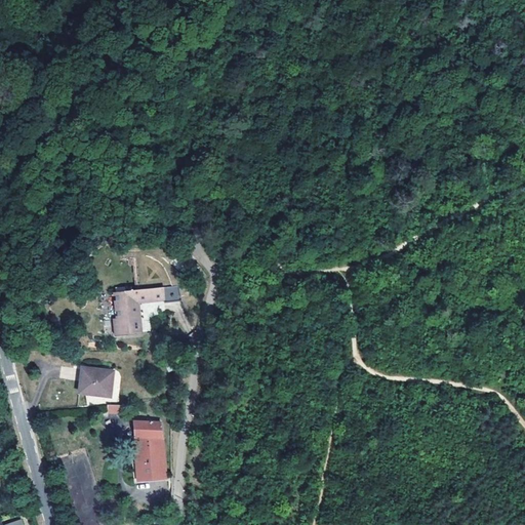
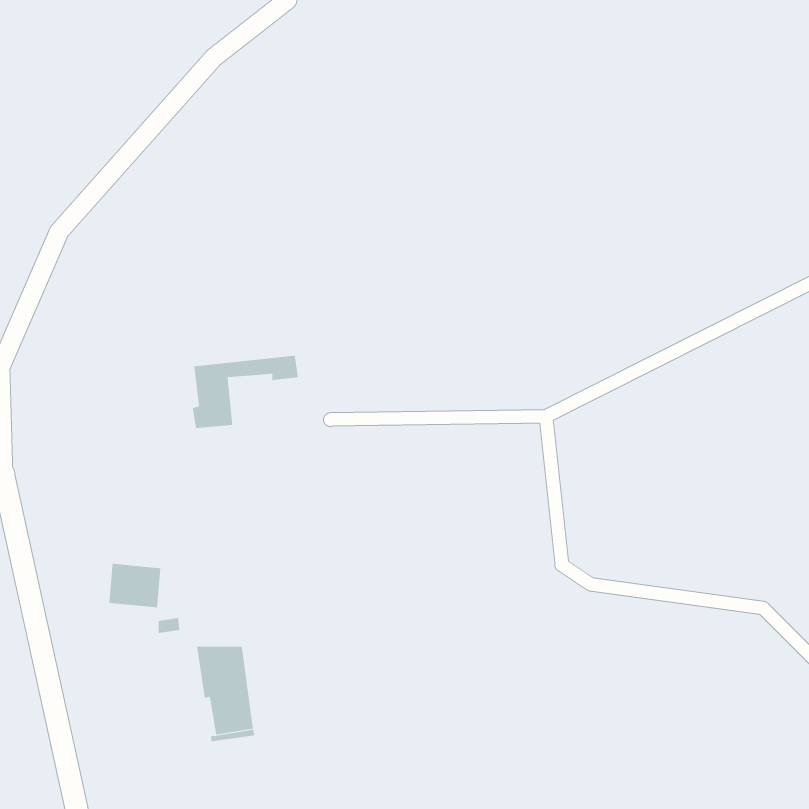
building: [115,289,184,336] -> [192,355,299,428]

